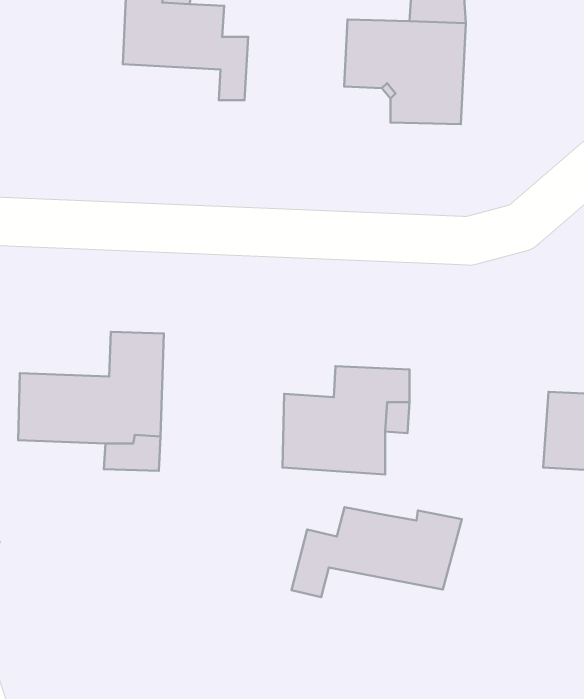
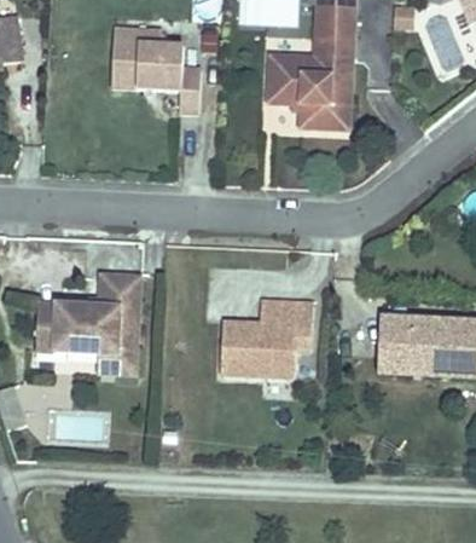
building: none -> [381,316,411,370]
building: [292,507,462,597] -> none

